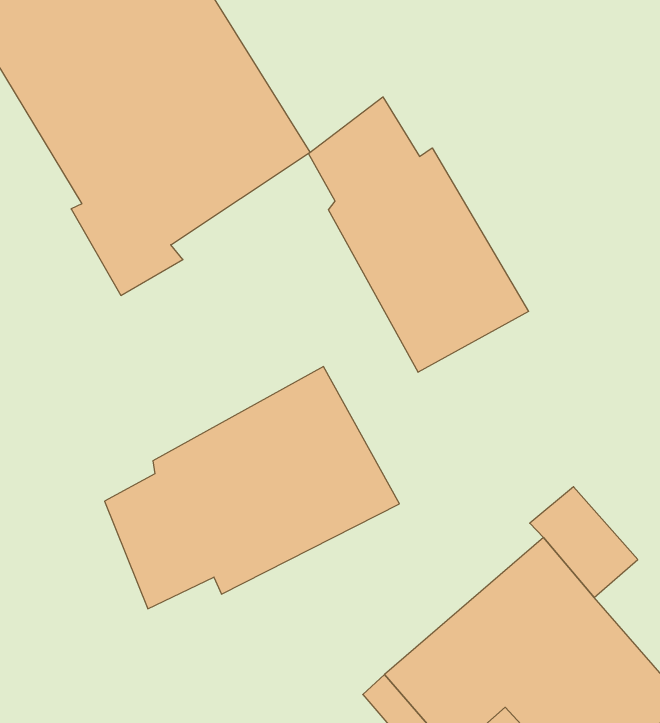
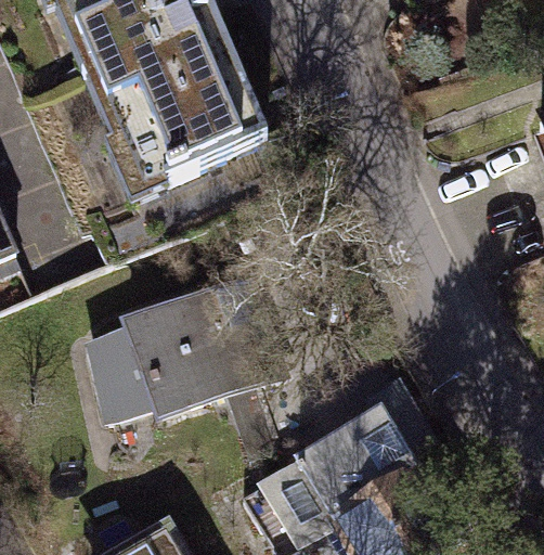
building: [309,97,529,372] -> none

